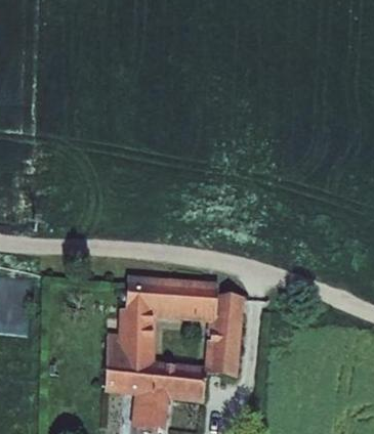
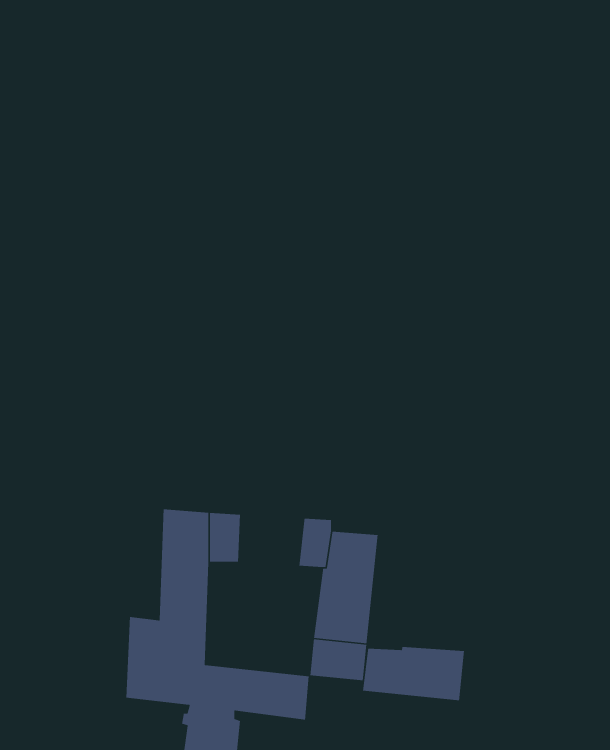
building: [167,285,203,313] -> none
building: none -> [362,646,465,701]

